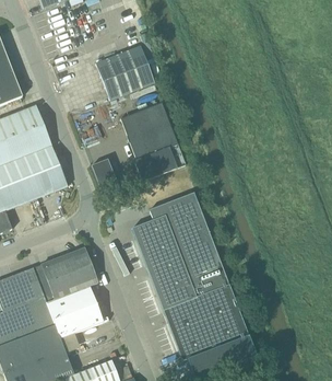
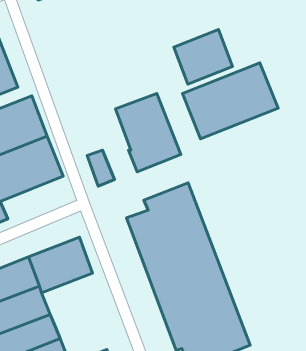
building: [95,45,154,100] -> [174,30,233,84]
building: none -> [182,63,278,139]
building: [46,286,103,337] -> none

